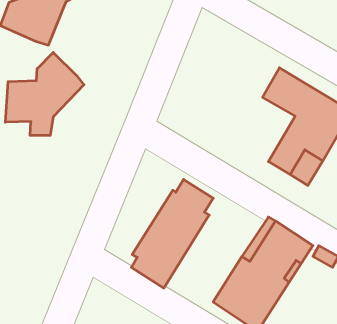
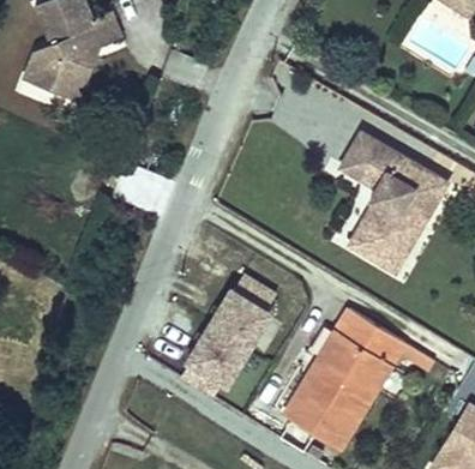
building: [5,52,84,135] -> none

